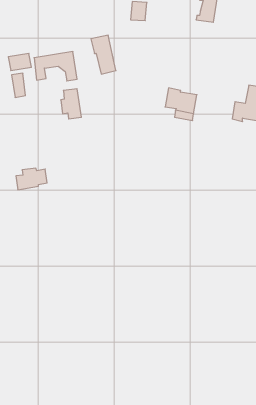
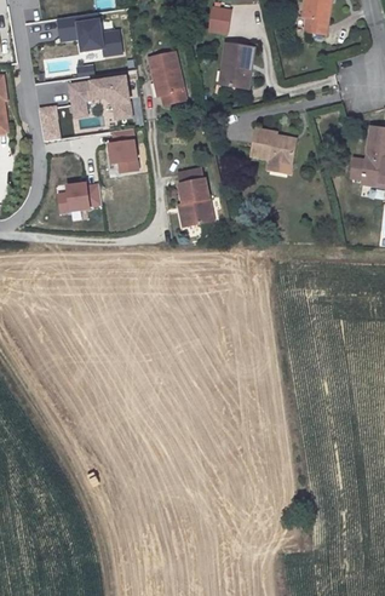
building: none -> [58,12,122,56]
building: none -> [222,42,252,86]
building: none -> [178,179,213,228]
building: [16,168,47,190] -> [58,183,102,213]

